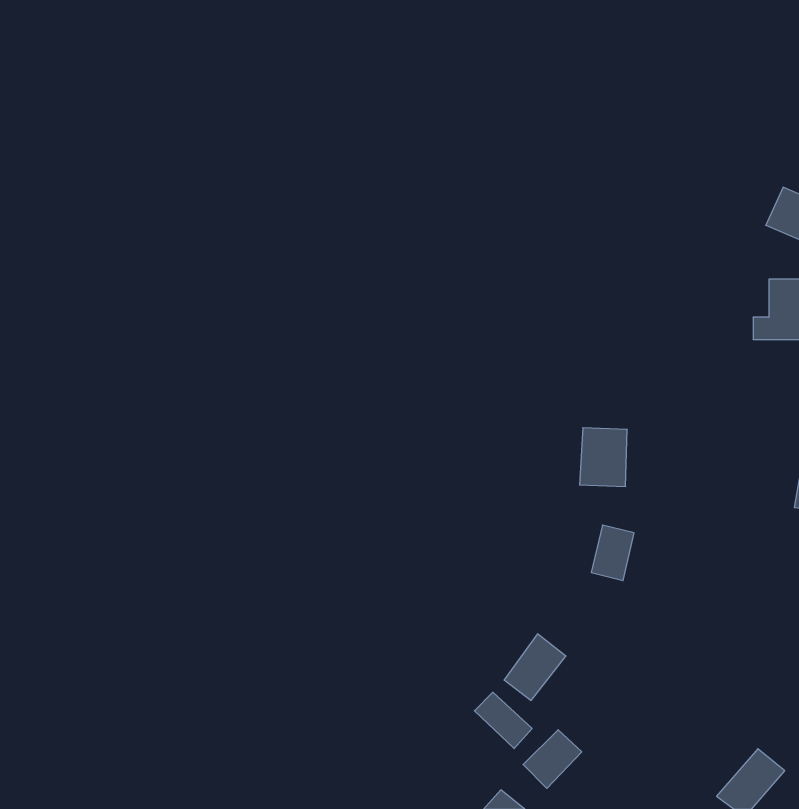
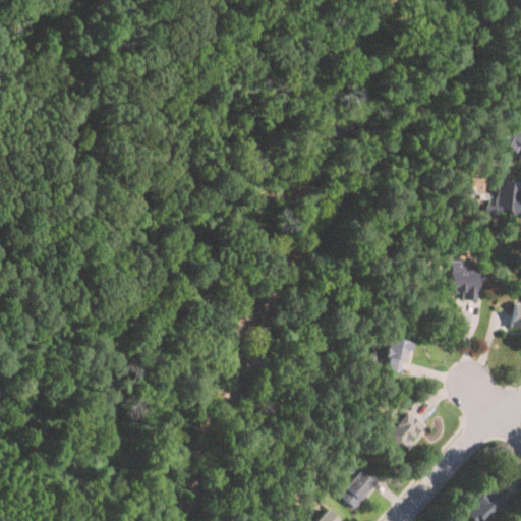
building: [580,428,627,486] -> [451,259,481,297]
building: [504,634,566,700] -> [387,410,426,453]
building: [474,692,532,749] -> none

